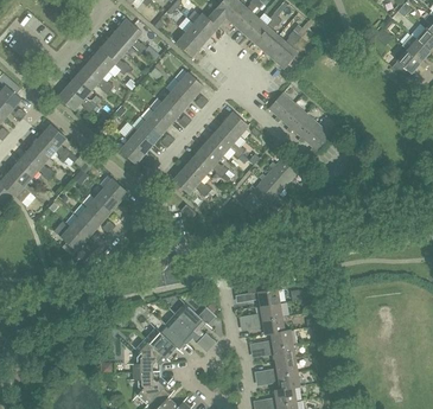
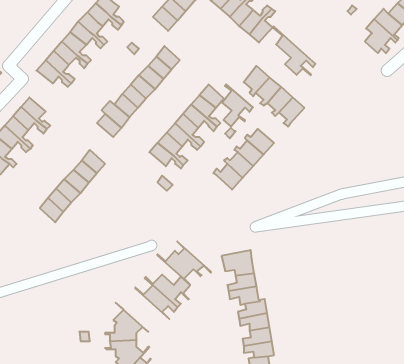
building: none -> [273,26,315,75]
building: none -> [222,84,253,126]
building: [138,319,192,363] -> [157,241,211,284]

